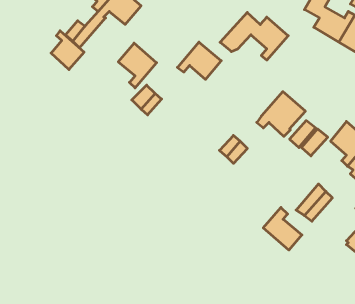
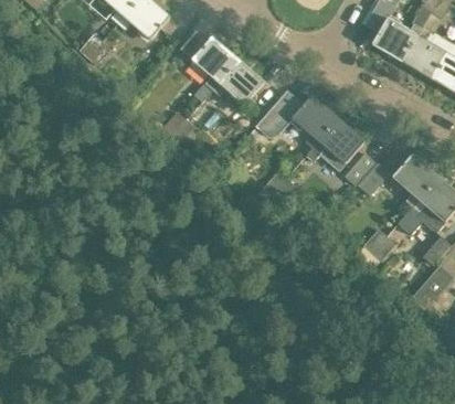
building: [220,12,288,60] -> [256,91,337,147]
building: [51,31,84,70] -> none
building: [118,43,157,88] -> [192,36,237,89]
building: [263,207,302,250] -> none

